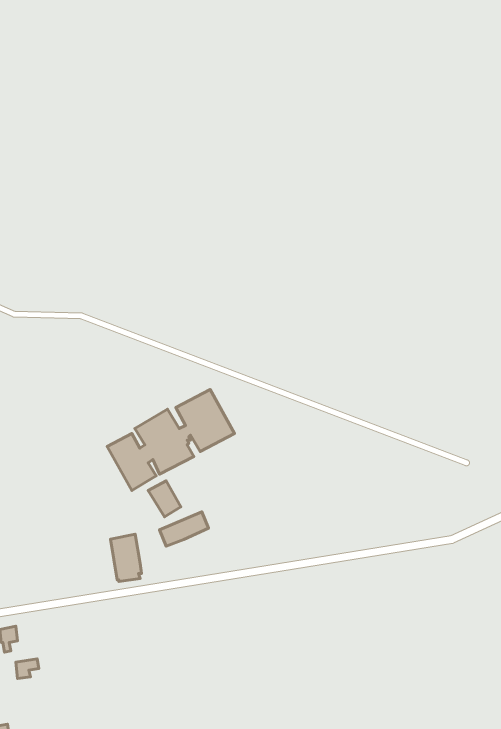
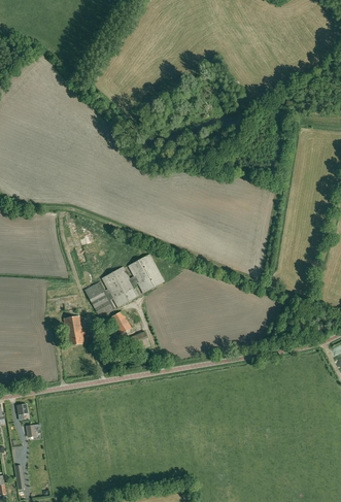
building: [111,534,142,582] -> [64,315,83,345]

